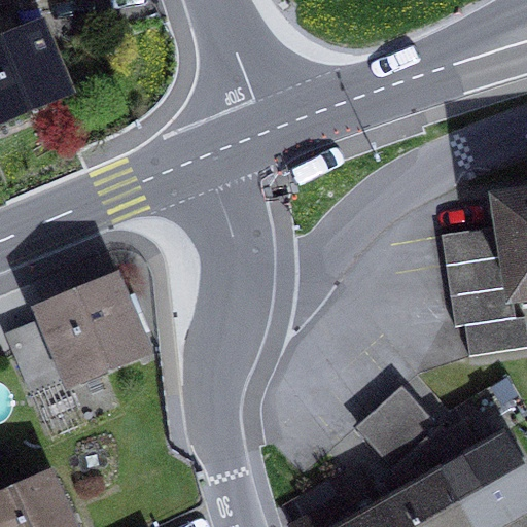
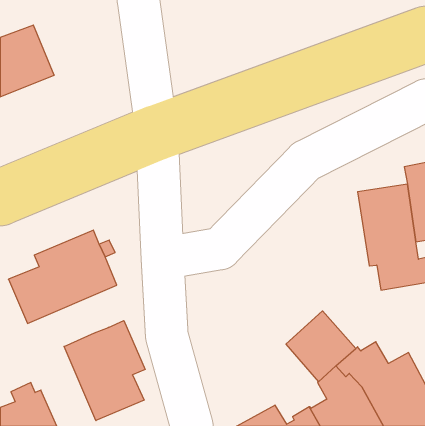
building: none -> [64,321,145,421]

